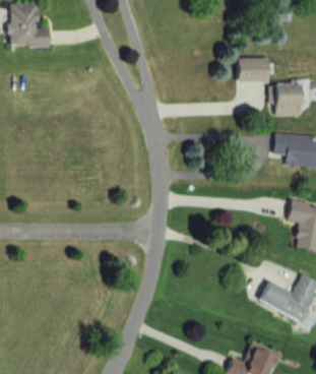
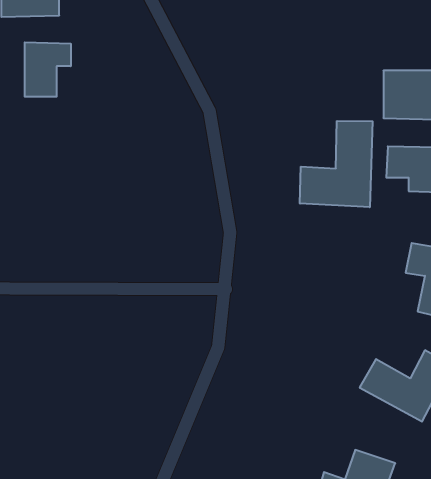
building: [238,58,268,81] -> none
building: none -> [25,42,71,97]
building: none -> [300,121,373,207]

